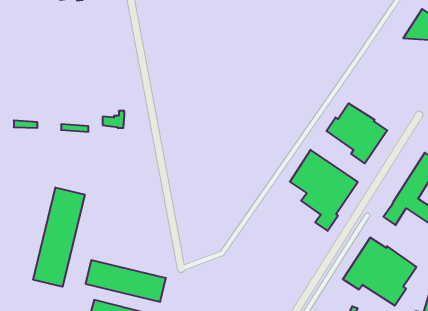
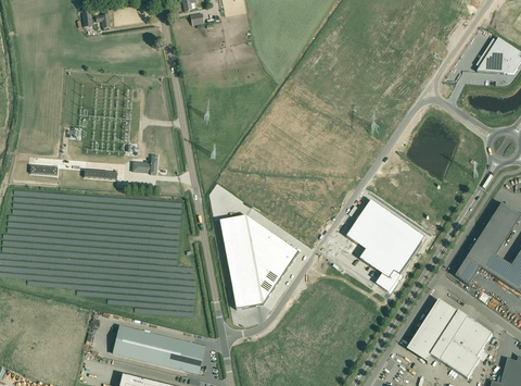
building: [326,103,387,163] -> none
building: none -> [219,214,300,309]
building: [33,187,85,287] -> none

